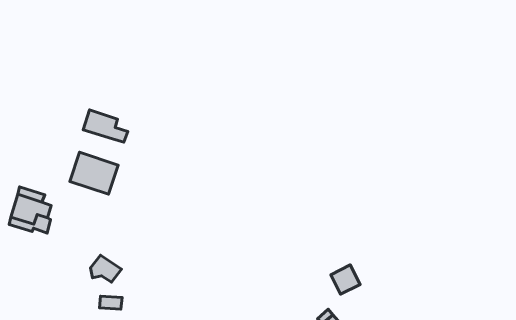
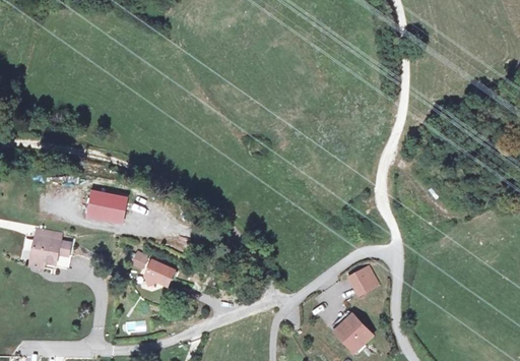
building: [83,110,128,142] -> none
building: [90,255,122,282] -> [143,261,173,286]

